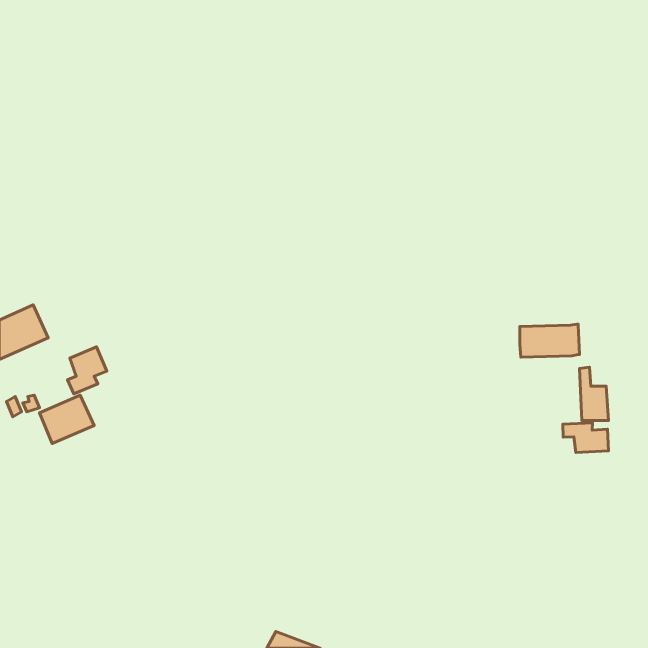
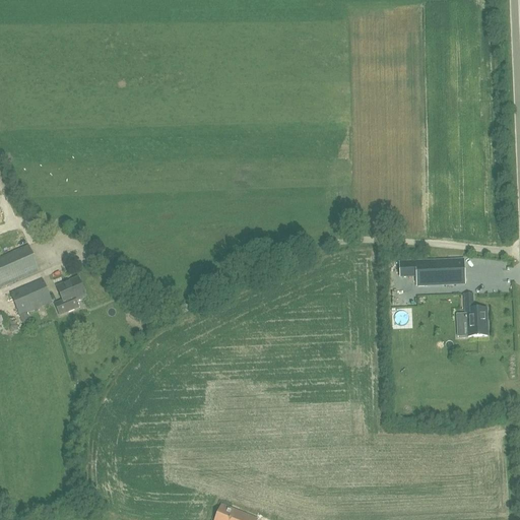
building: [40,395,94,443] -> [8,277,52,316]
building: [563,423,608,452] -> none

